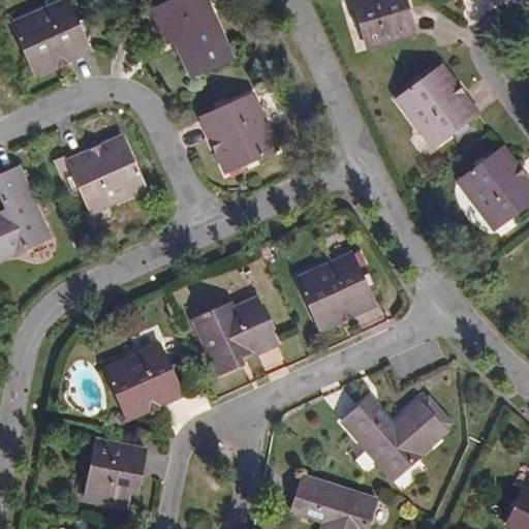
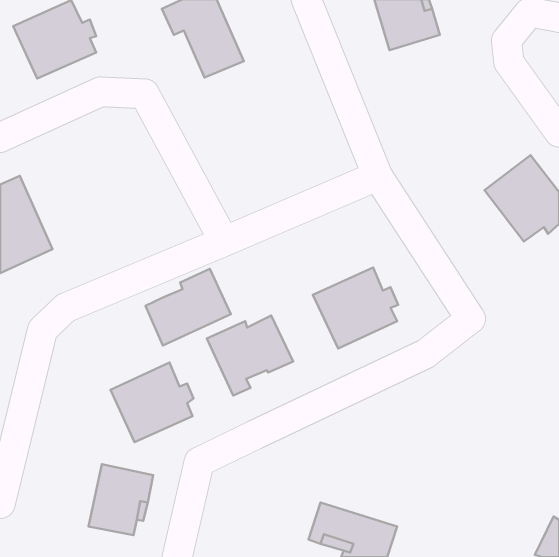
building: [397,65,477,147] -> none
building: [200,94,276,172] -> none
building: [67,136,146,211] -> none
building: none -> [145,269,231,345]
building: [342,397,446,479] -> none

